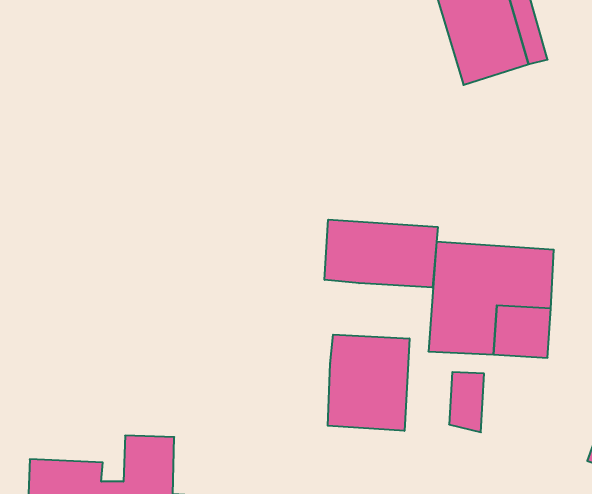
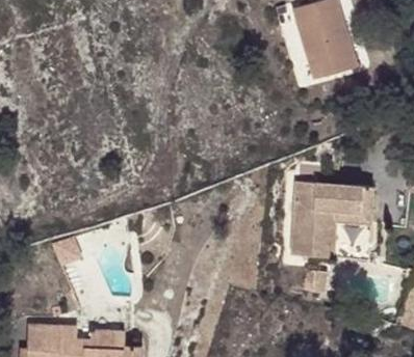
building: [325,220,438,288] -> none
building: [328,335,409,431] -> none

